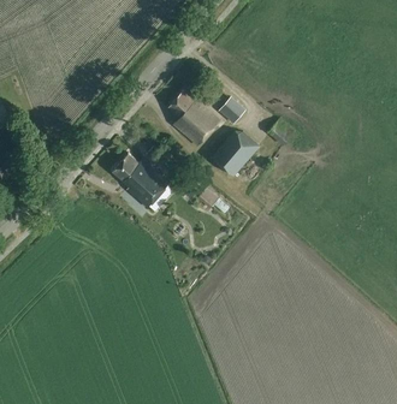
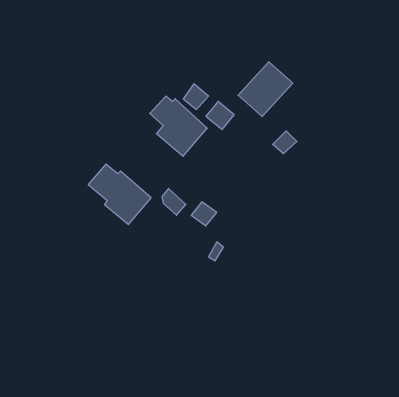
building: [209,127,259,177] -> [238,62,293,117]

